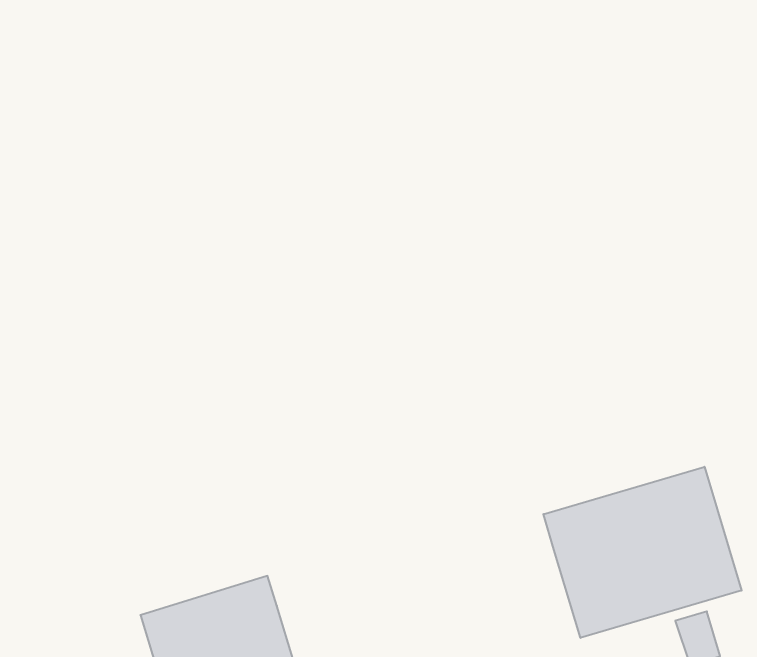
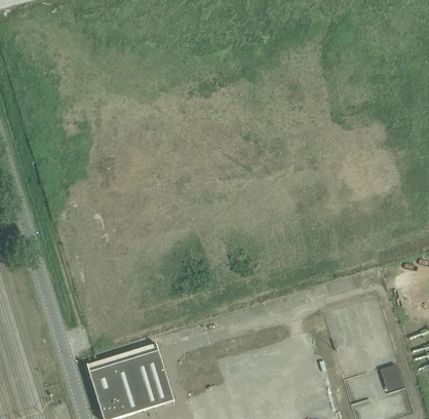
building: [543,467,742,638] -> none

